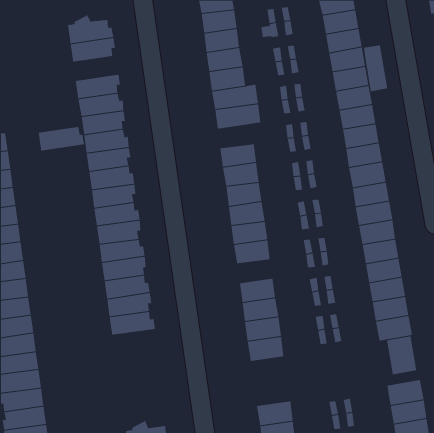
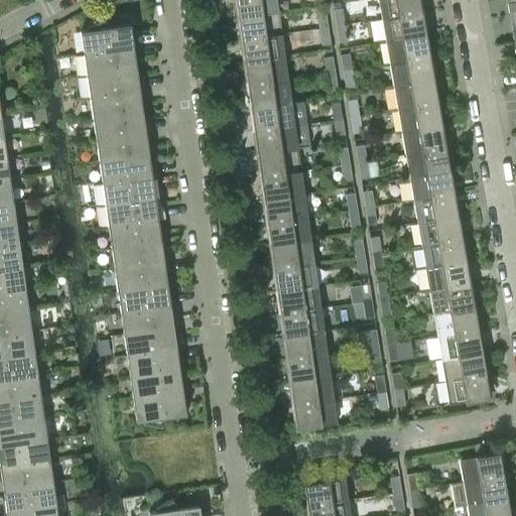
building: [363,44,388,92] -> none
building: none -> [258,149,302,177]
building: [38,127,85,151] -> [87,69,142,98]
building: none -> [281,309,325,338]
building: none -> [133,392,187,427]
building: [387,336,417,375] -> none

